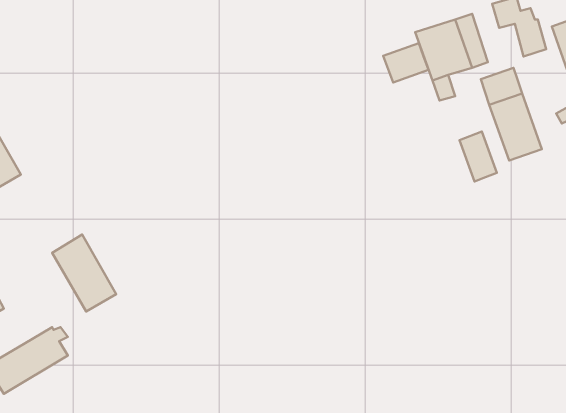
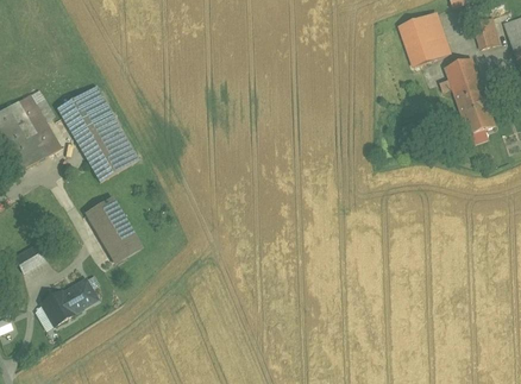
building: [383,43,429,83] -> none
building: none -> [57,86,138,181]
building: [460,131,497,181] -> none

